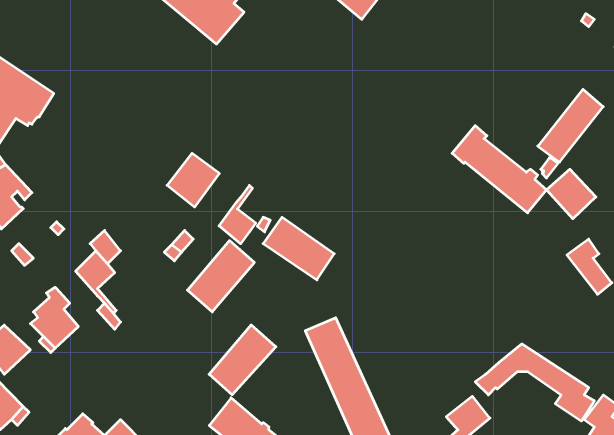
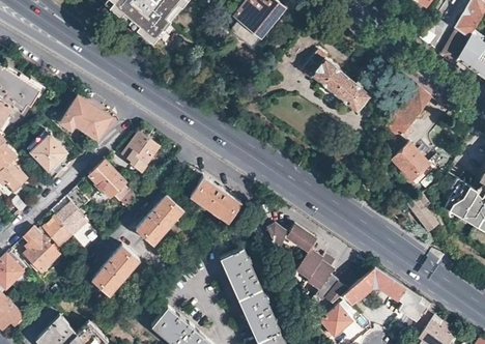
building: none -> [60,95,111,139]
building: [452,126,547,213] -> [302,50,369,112]
building: none -> [27,131,67,170]
building: [219,185,256,244] -> none
building: none -> [89,160,125,197]
building: none -> [249,212,358,303]
building: none -> [42,216,72,247]
building: [209,325,276,395] -> [92,245,140,294]

